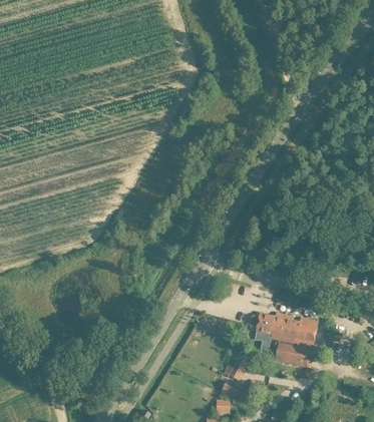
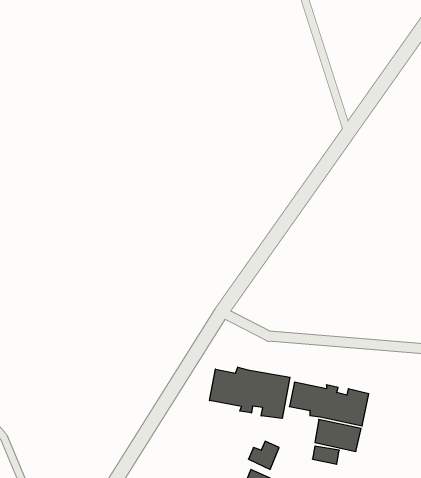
building: none -> [210,367,290,418]

